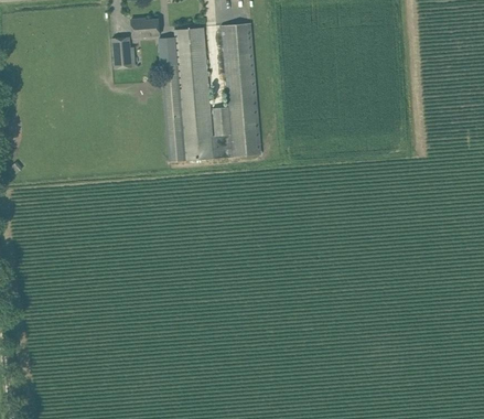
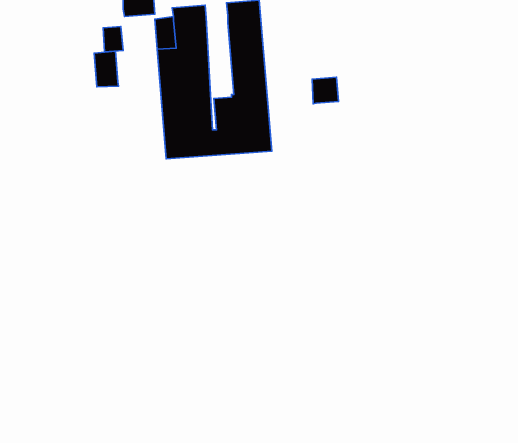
building: none -> [94,51,118,87]
building: none -> [312,77,339,104]

